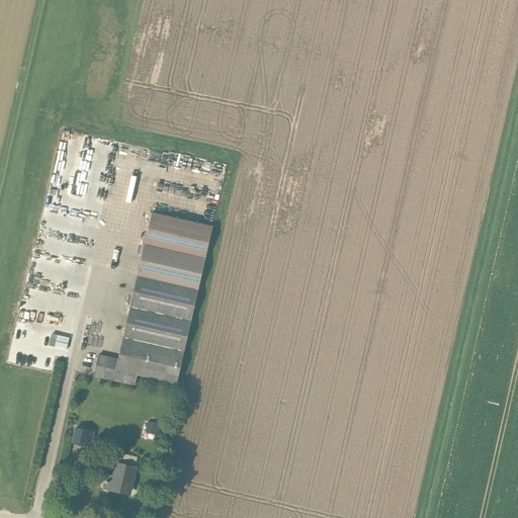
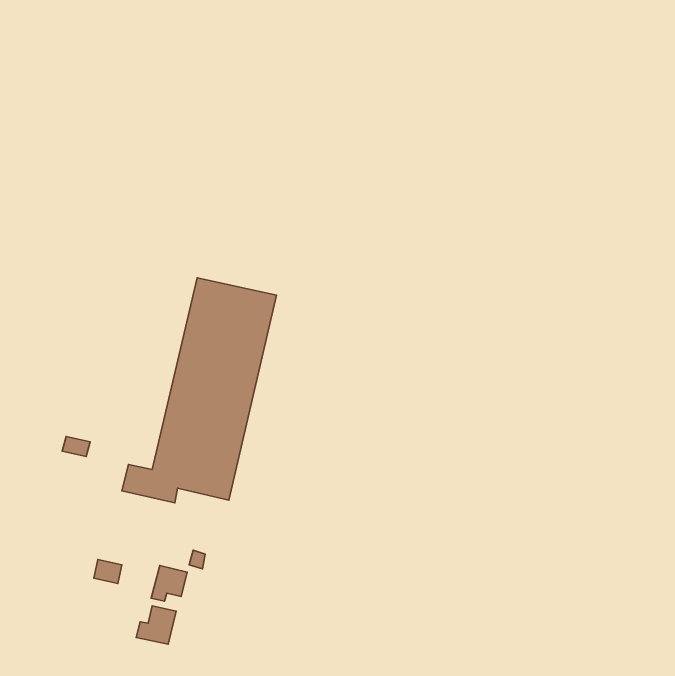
building: none -> [151,566,187,601]

